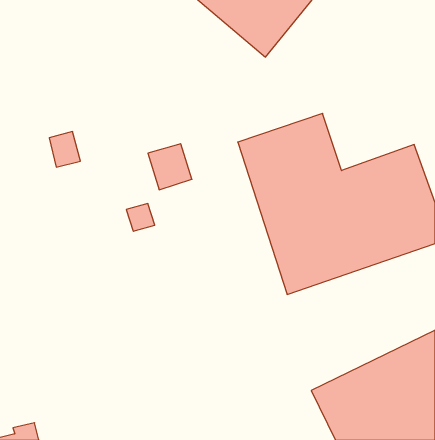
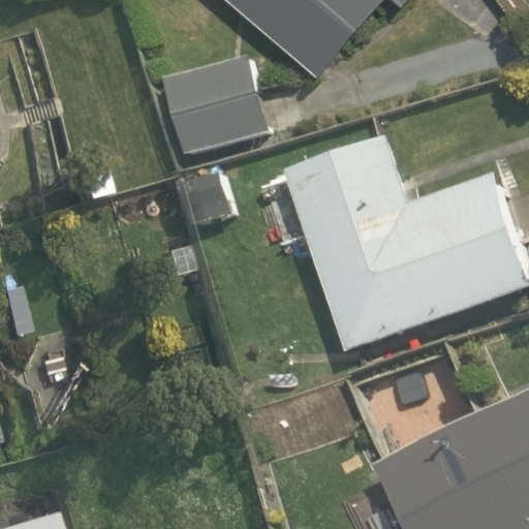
building: none -> [161,56,269,154]

